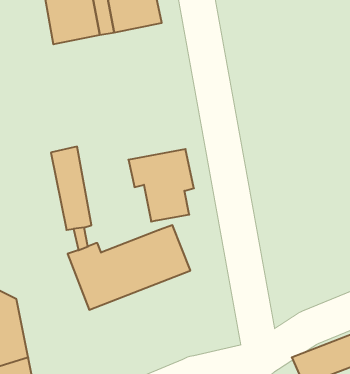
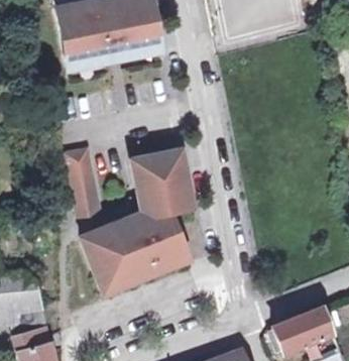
building: none -> [104,182,159,239]

